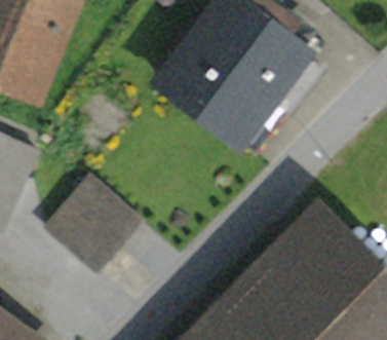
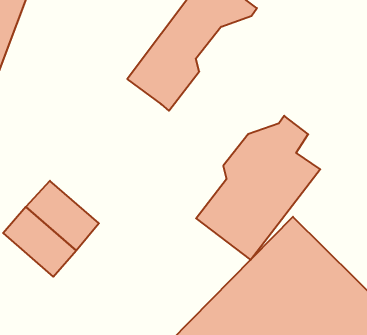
building: [195,9,312,145] -> [196,116,320,260]

